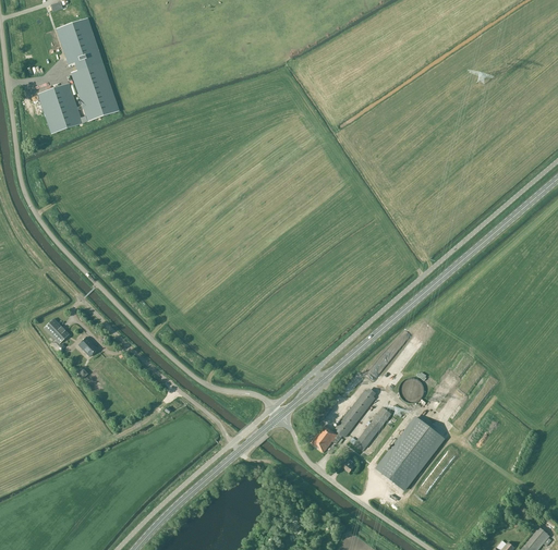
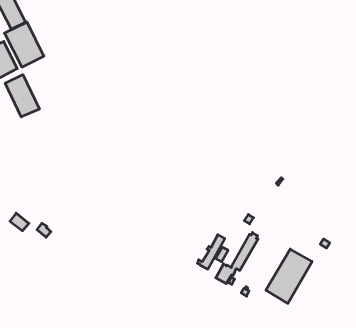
building: none -> [5,75,39,117]
building: [399,377,424,402] -> none
building: [350,405,391,450] -> [197,235,225,269]

